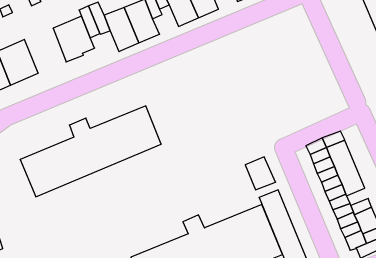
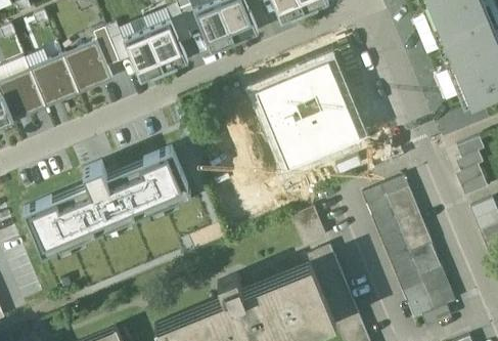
building: none -> [250,51,362,170]
building: none -> [31,53,80,106]

